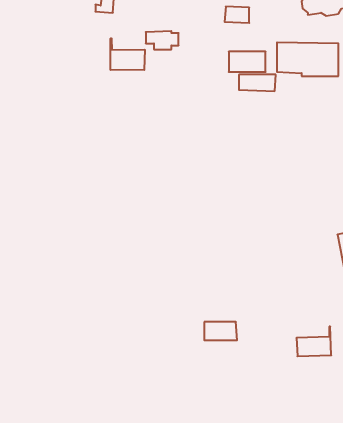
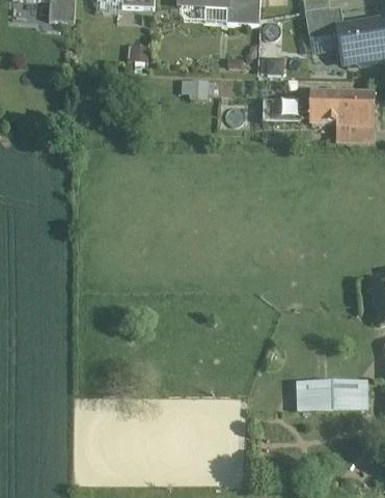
building: [111,38,145,70] -> none
building: [239,75,276,91] -> [336,124,374,141]
building: [204,322,237,340] -> [299,390,332,409]

